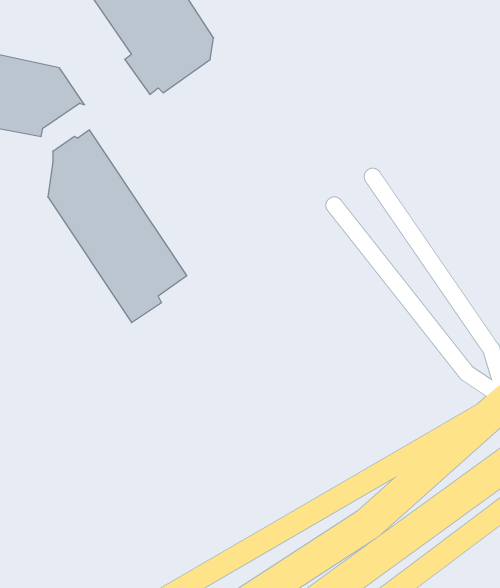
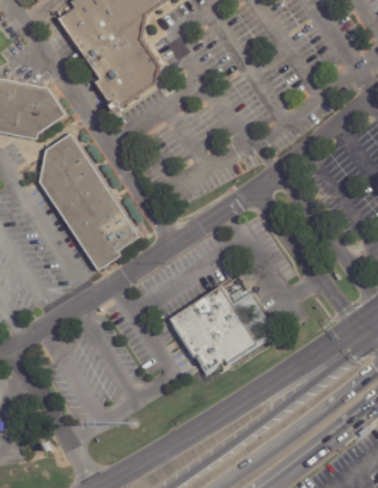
building: none -> [169,286,257,370]

